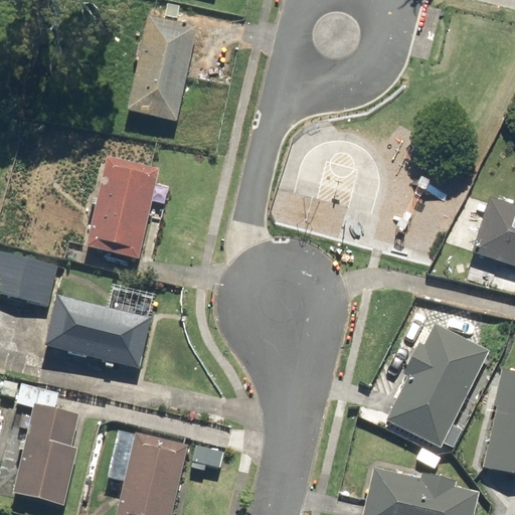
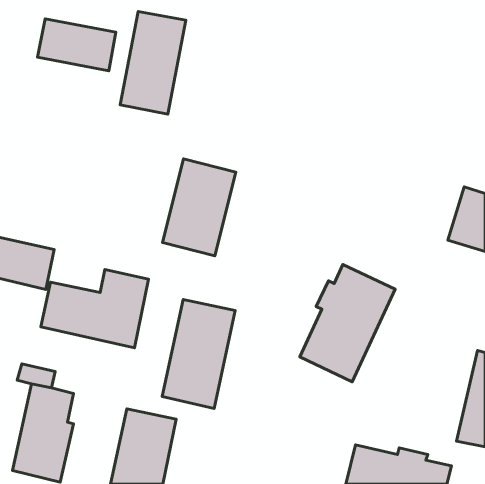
building: none -> [38,19,116,71]
building: [83,157,161,260] -> [163,159,236,256]
building: none -> [162,300,235,408]
building: [387,325,488,449] -> [300,265,395,382]

